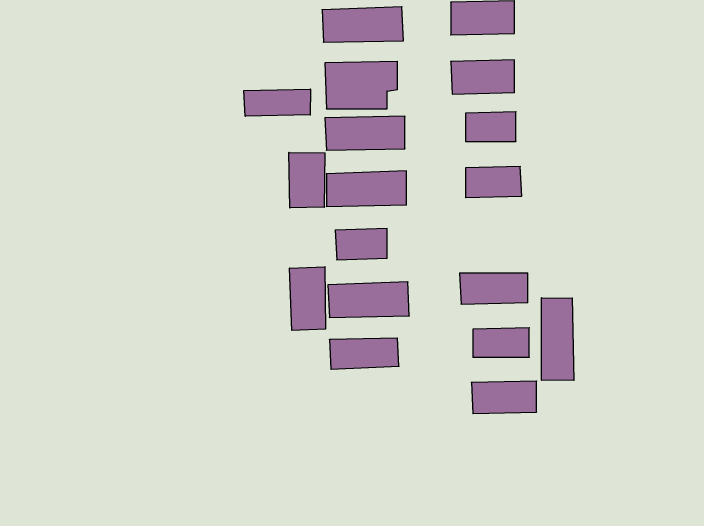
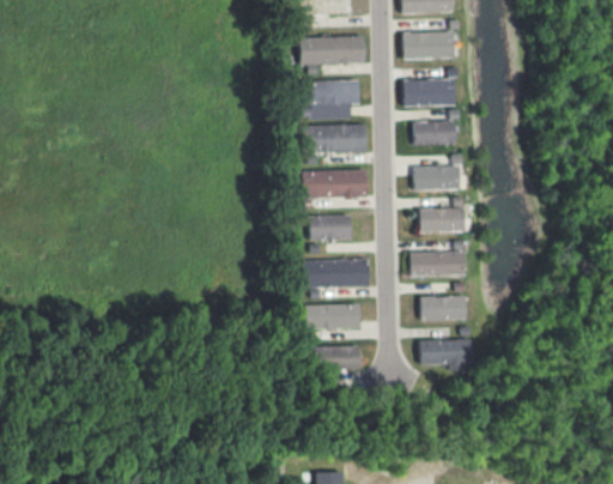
building: [244,89,310,116] -> none
building: [289,152,325,208] -> none
building: none -> [419,207,463,232]
building: [290,267,325,330] -> none
building: [542,298,574,380] -> none
building: none -> [314,346,359,370]

